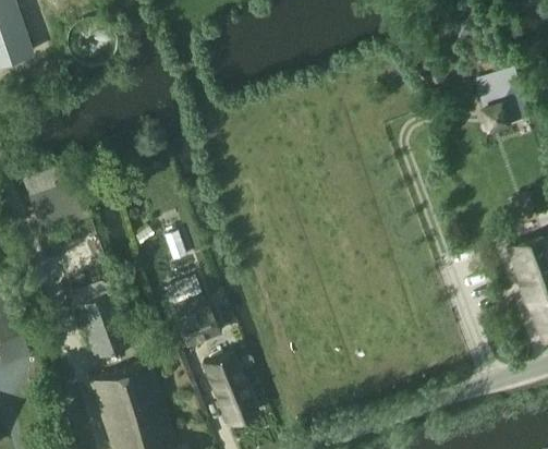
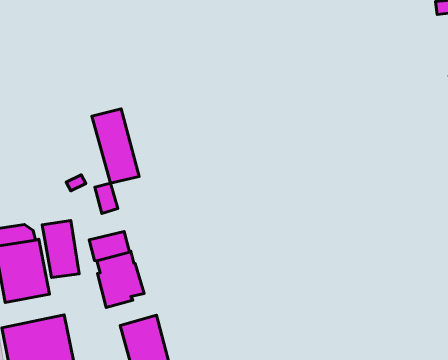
building: none -> [92,109,139,183]
building: none -> [42,221,79,277]

